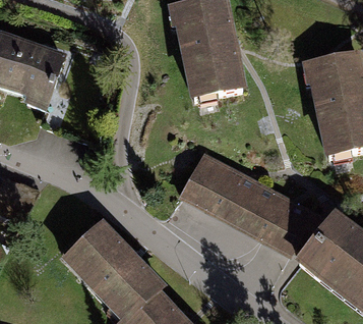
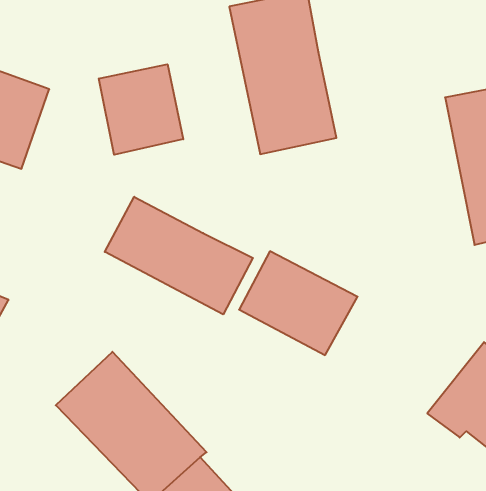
building: none -> [99,64,183,155]
building: none -> [105,197,253,314]
building: [234,188,308,254] -> none

